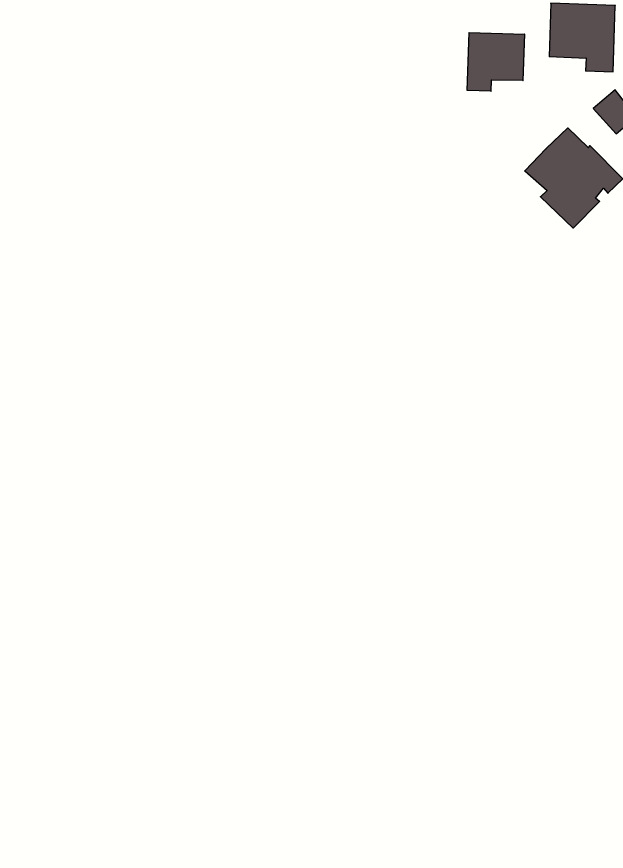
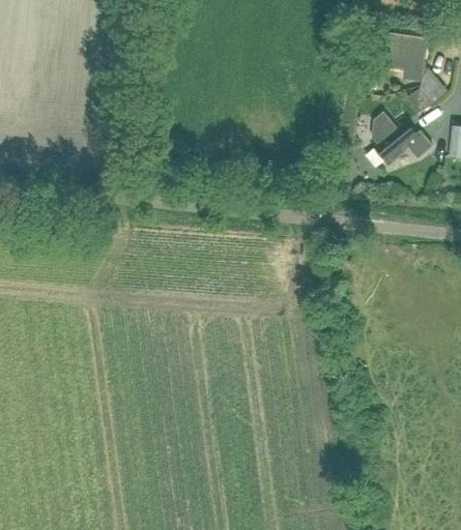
building: [467,33,524,91] -> none

